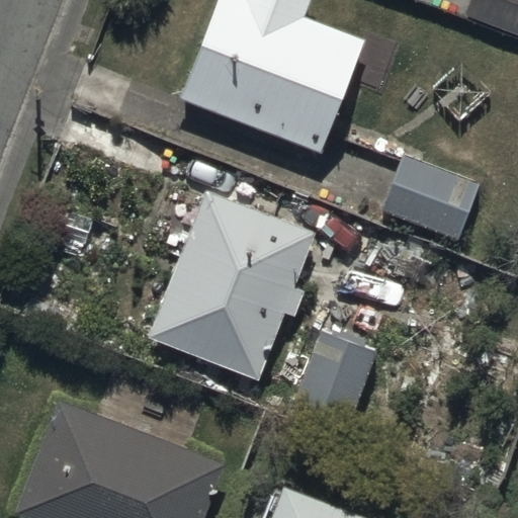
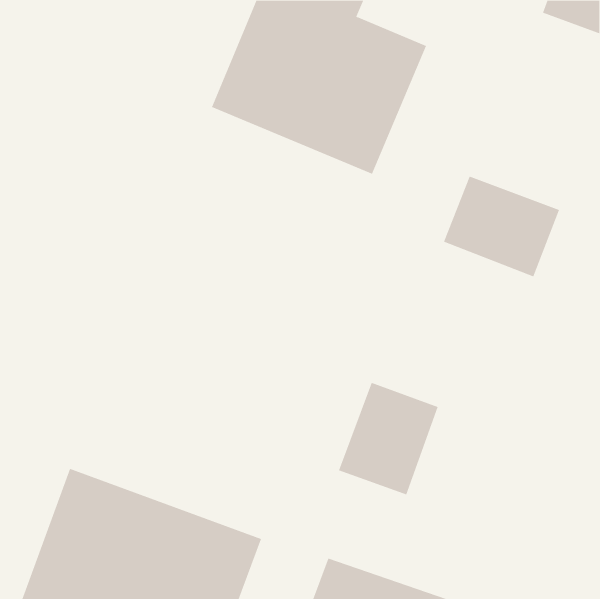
building: [148,182,314,379] -> none

